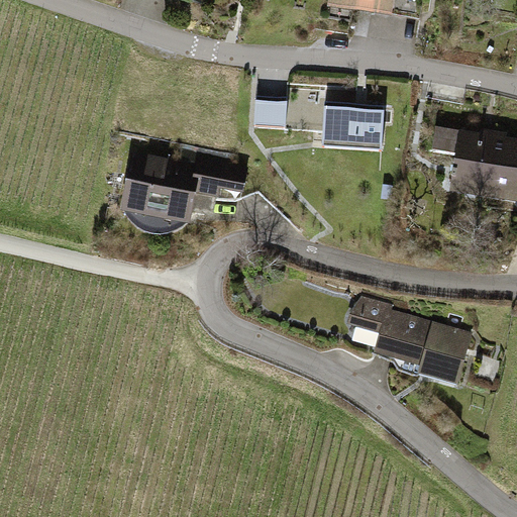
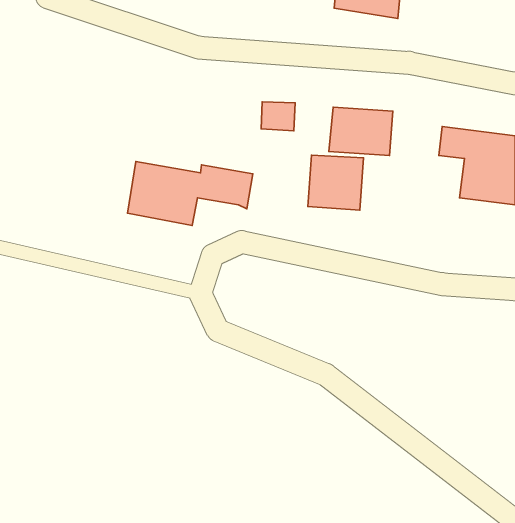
building: none -> [308,155,364,210]
building: [355,298,466,379] -> none

